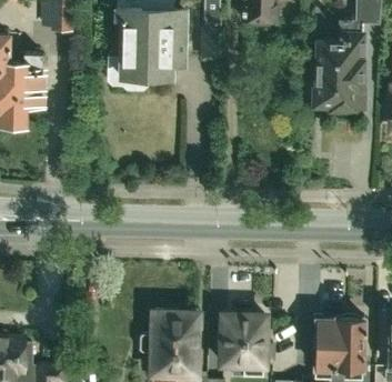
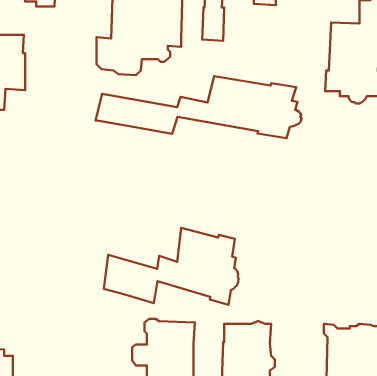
building: none -> [96,76,302,138]
building: none -> [104,228,239,305]

